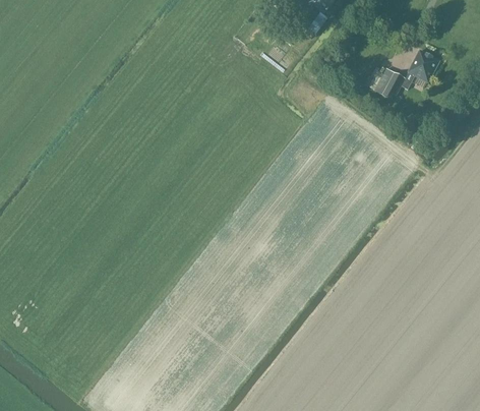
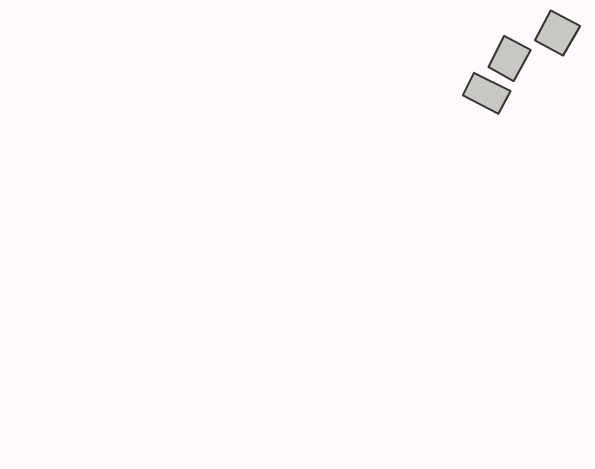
building: none -> [463,73,510,114]

